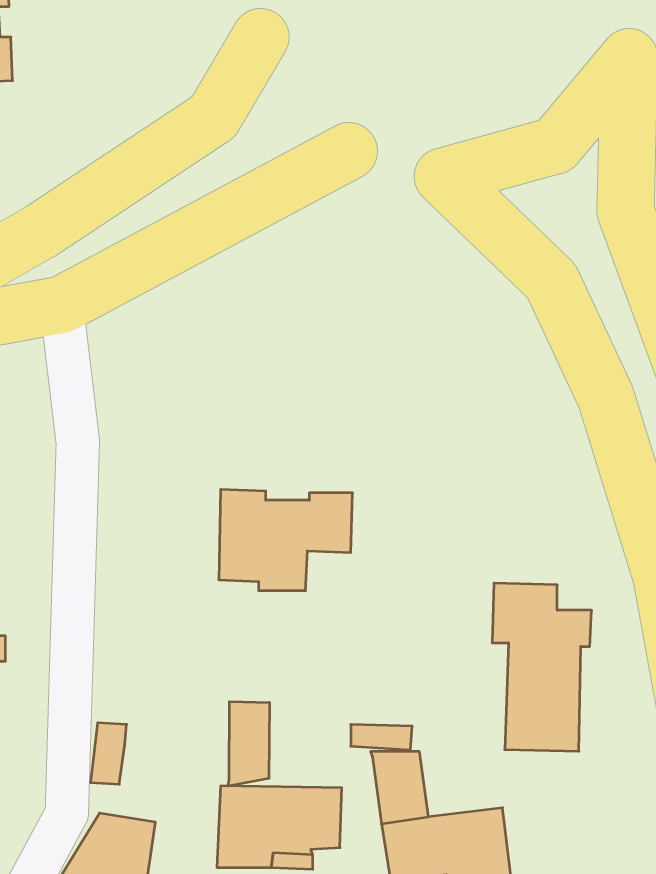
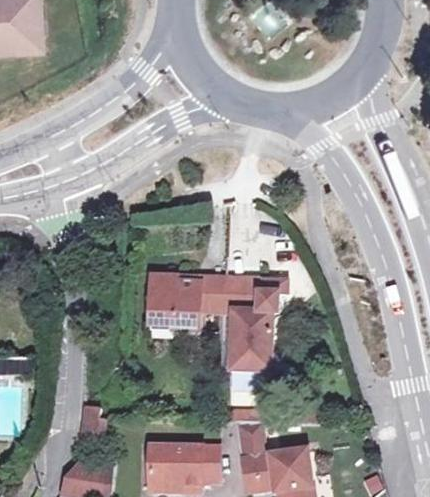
building: [492,583,592,751] -> [224,279,279,372]
building: [228,702,269,786] -> none

